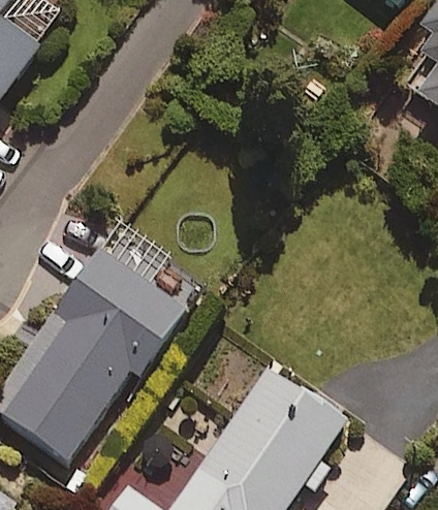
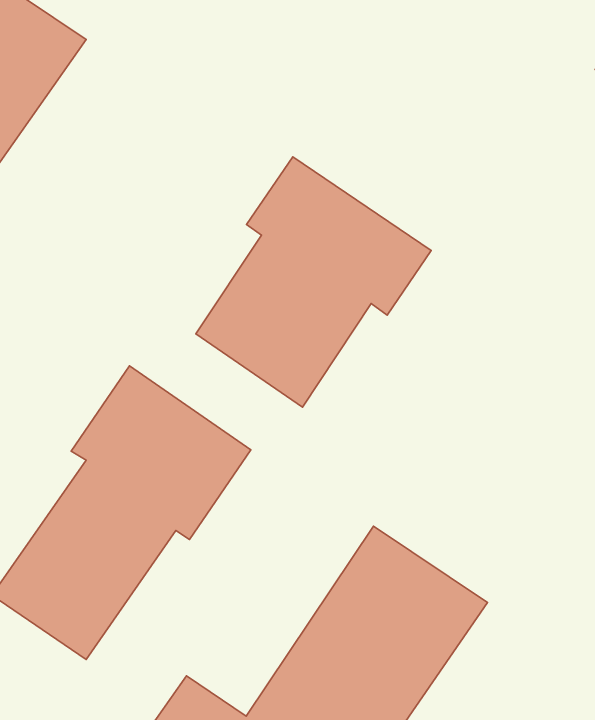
building: none -> [196,157,431,407]

